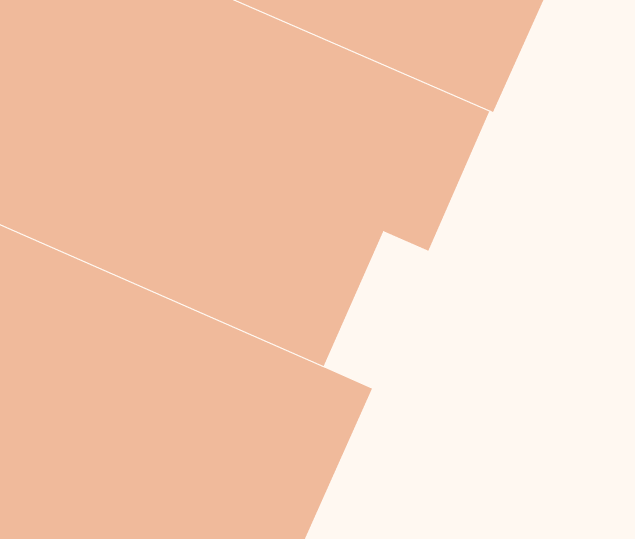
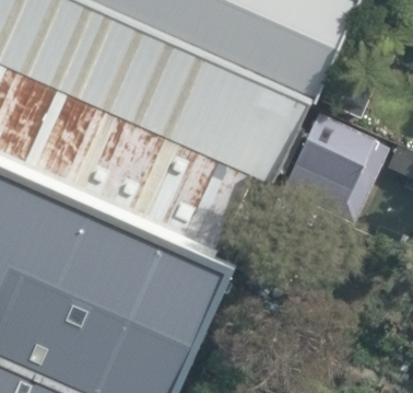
building: none -> [274,115,382,226]

